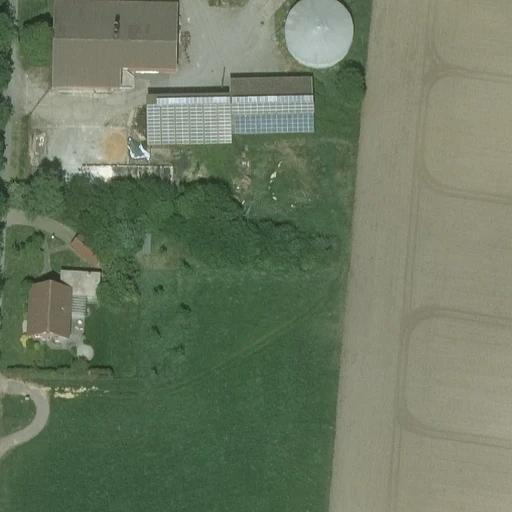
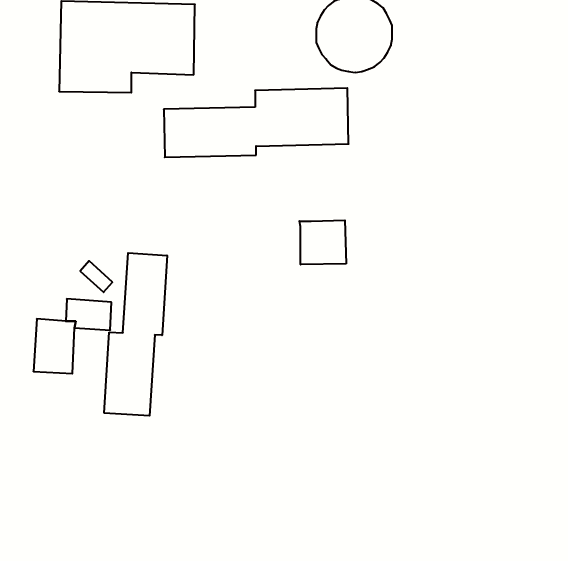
building: none -> [299,220,346,265]
building: none -> [104,253,167,416]

